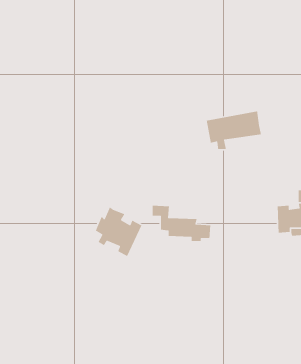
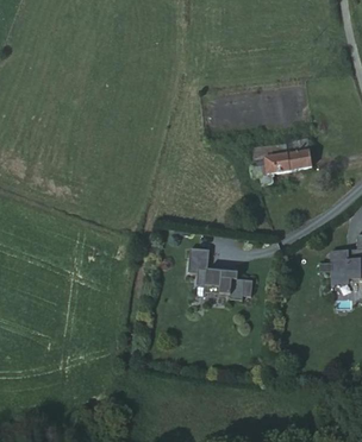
building: [95,206,142,257] -> none

